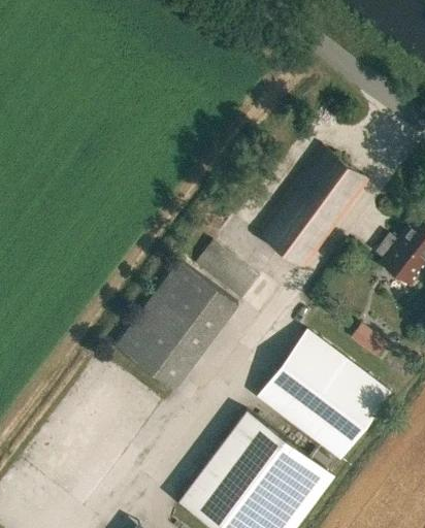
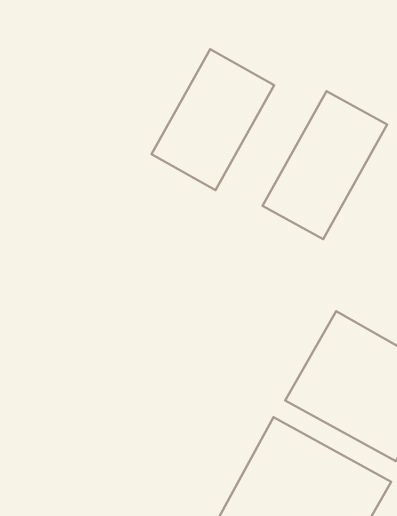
building: none -> [151,49,274,190]
building: [112,238,259,392] -> none

